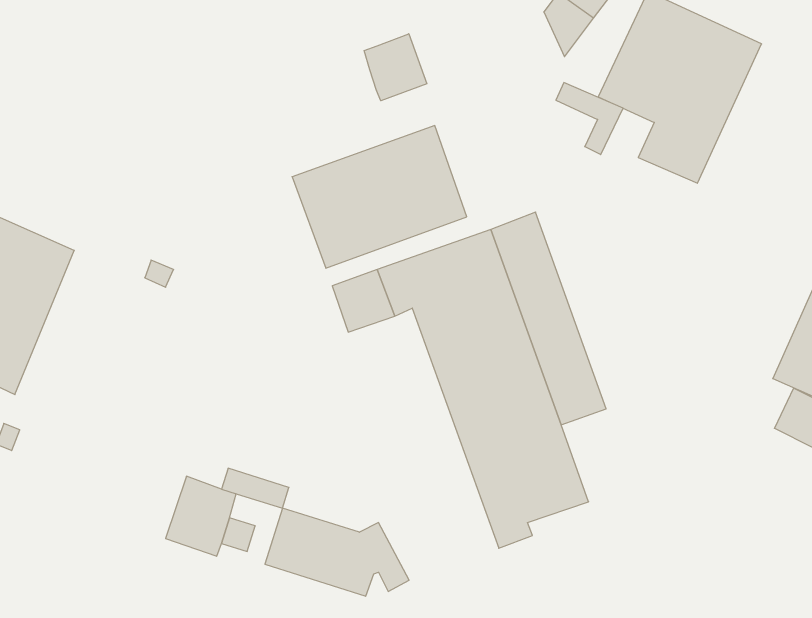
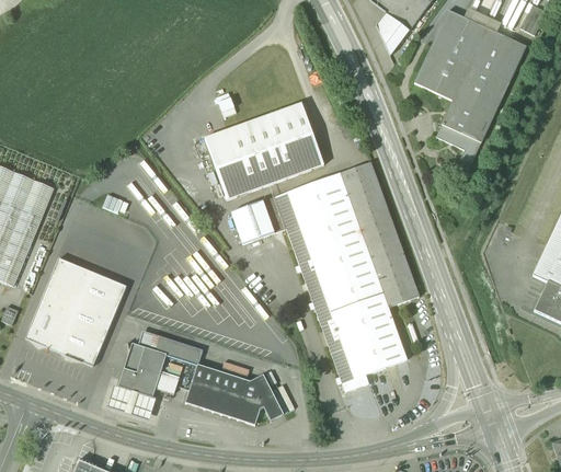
building: [364,34,427,101] -> none
building: [556,83,623,155] -> [435,124,481,173]
building: none -> [25,257,126,366]

